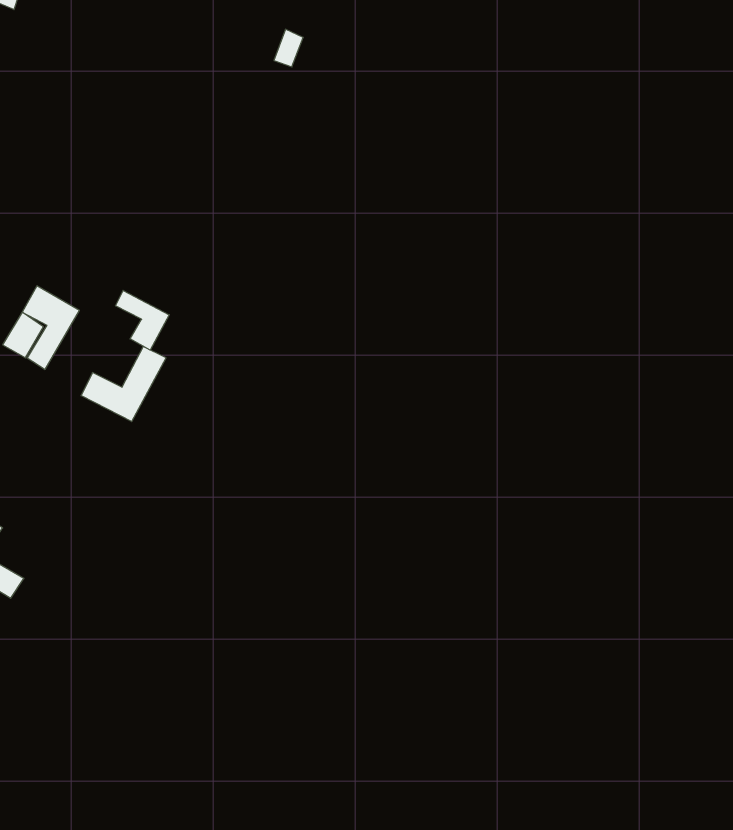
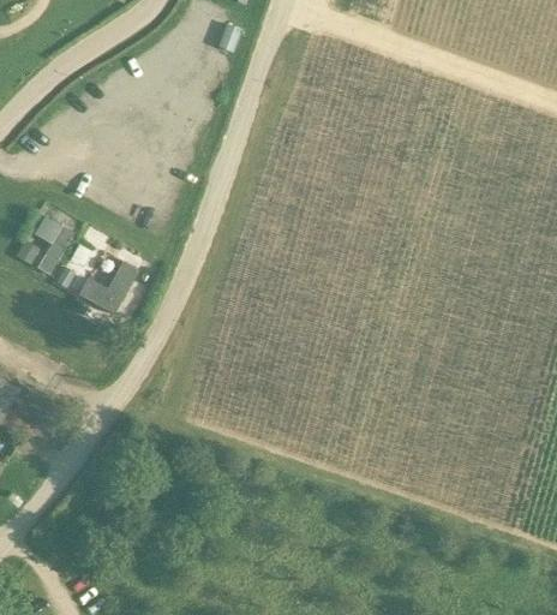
building: [116,290,169,350] -> none

